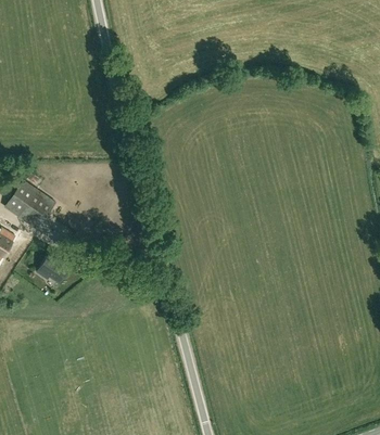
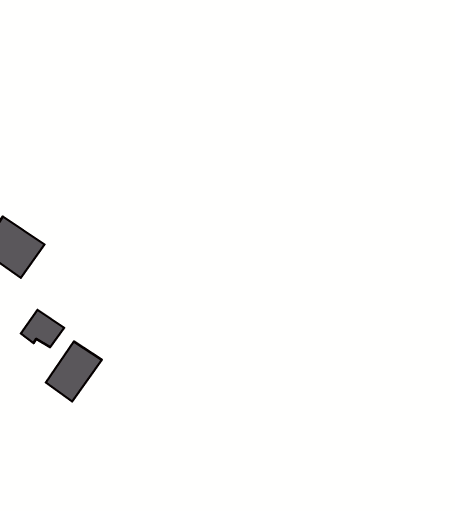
building: none -> [46,342,102,401]

